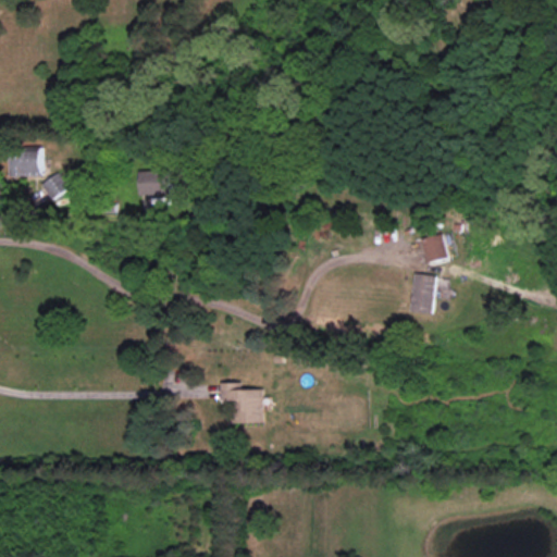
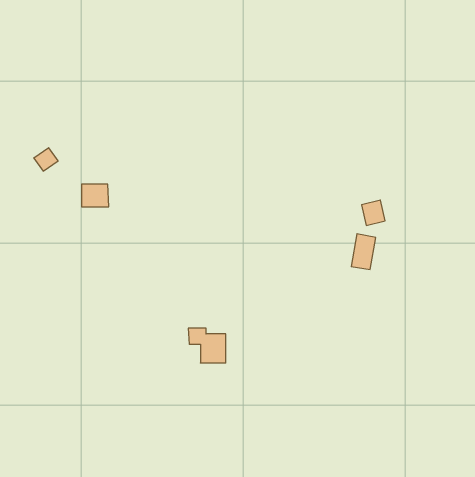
building: [10,151,41,176] -> none
building: [137,171,169,197] -> [82,184,109,207]

